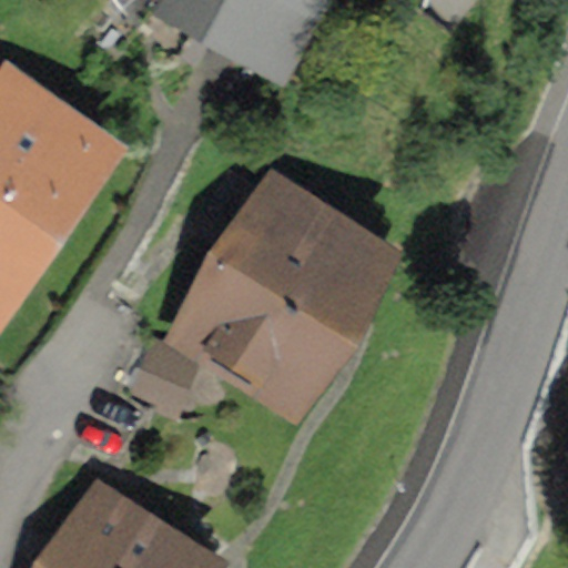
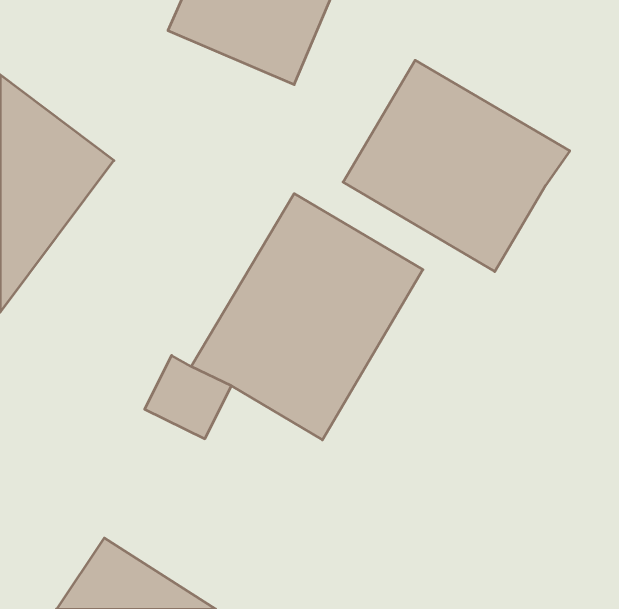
building: none -> [343,60,570,272]

